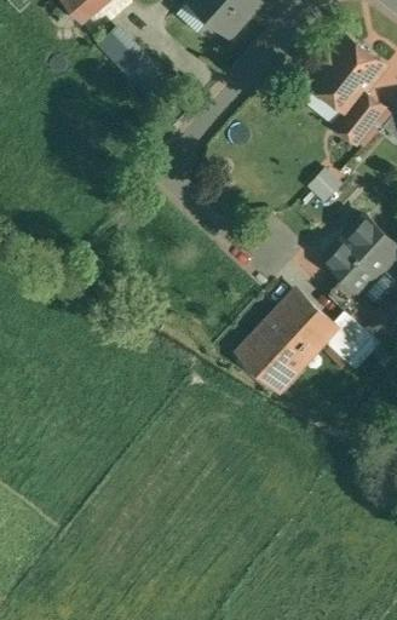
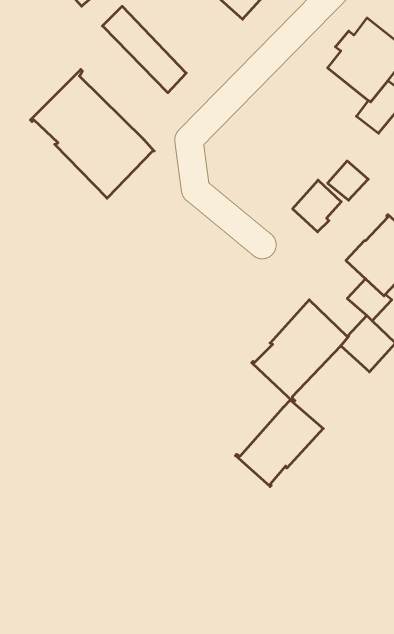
building: none -> [30,69,154,198]
building: none -> [293,180,341,232]
building: none -> [235,399,323,487]

